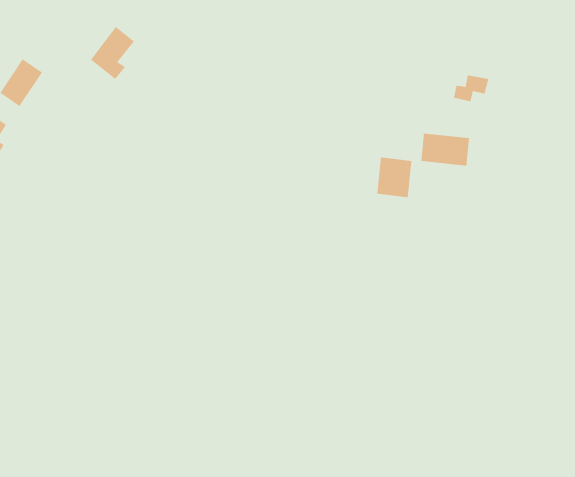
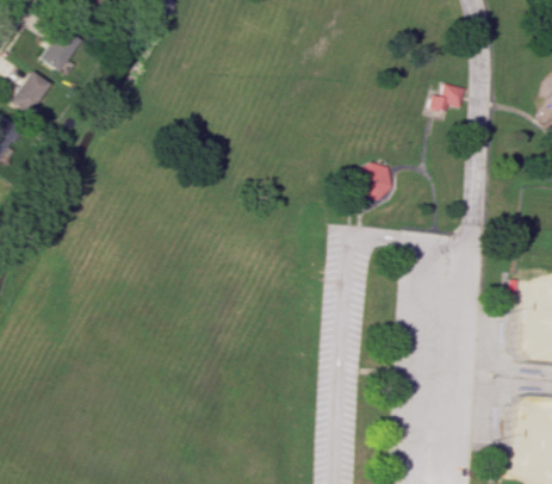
building: [90,26,135,80] -> [42,25,83,75]
building: [421,133,470,166] -> none

